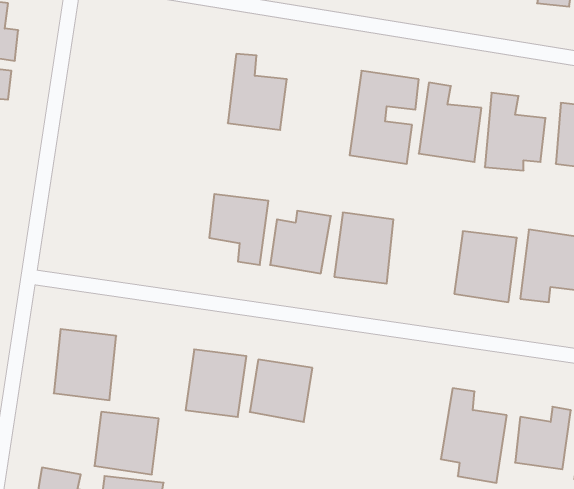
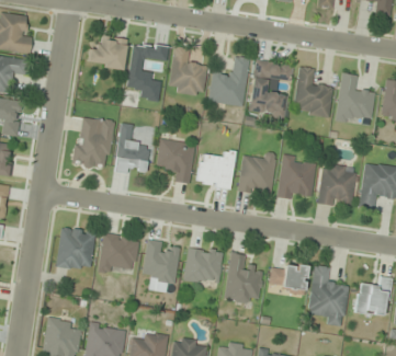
building: none -> [88,36,128,70]
building: none -> [127,42,169,102]
building: none -> [210,57,250,107]
building: none -> [72,115,115,171]
building: none -> [115,124,150,175]
building: none -> [278,156,316,202]
building: none -> [224,254,263,306]
building: none -> [269,262,308,292]
building: [94,412,159,474] -> [99,232,140,273]

